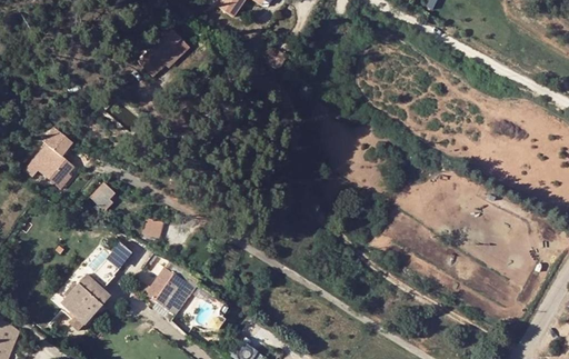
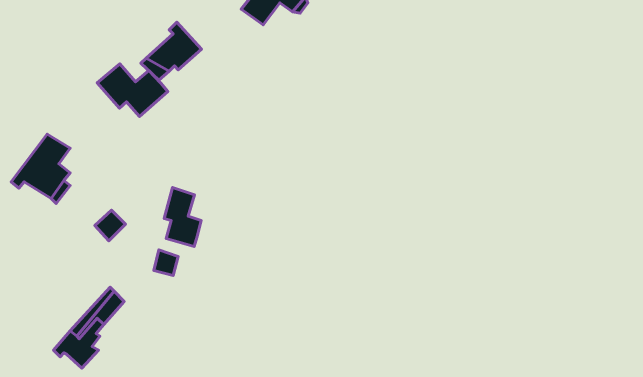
building: none -> [97,64,168,116]
building: none -> [164,188,201,246]
building: [149,266,198,313] -> none

